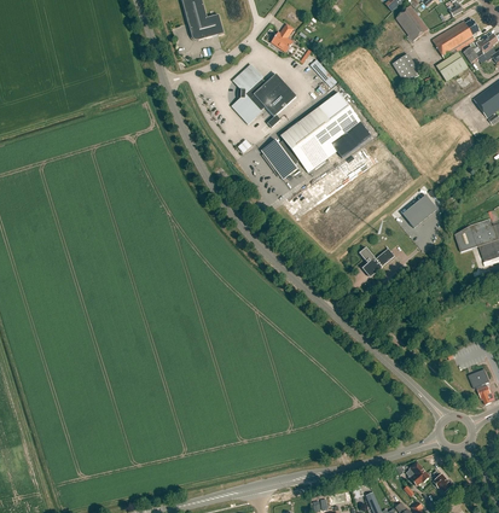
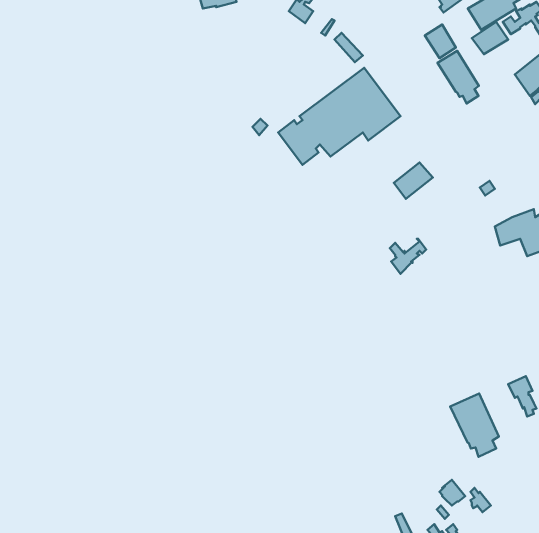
building: [231,64,296,128] -> none
building: none -> [437,51,479,104]
building: [402,196,437,228] -> [394,163,433,199]
building: none -> [450,393,499,457]

